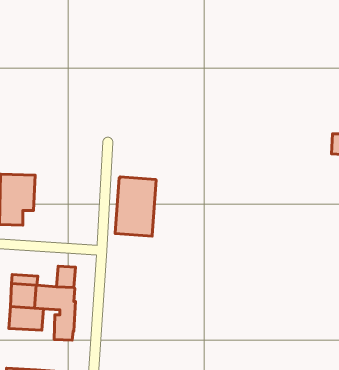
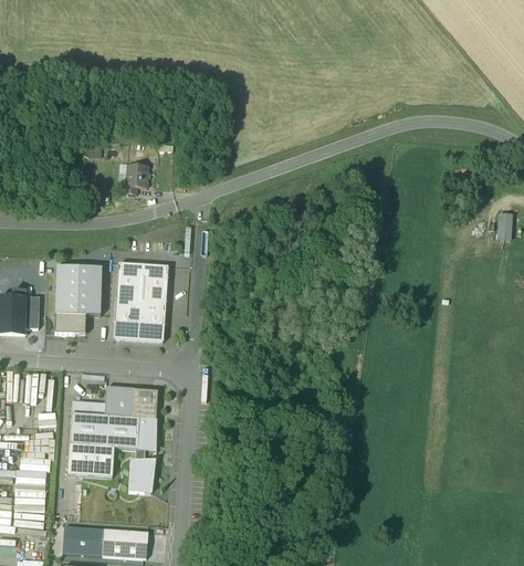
building: none -> [118,164,147,193]
building: [115,177,156,236] -> [113,262,168,342]
building: none -> [105,382,134,417]

